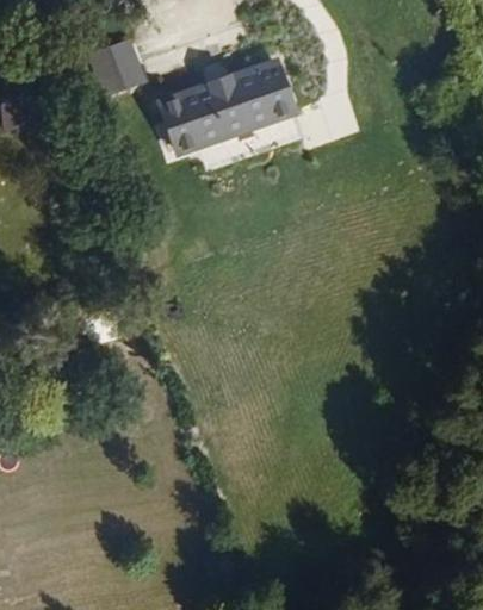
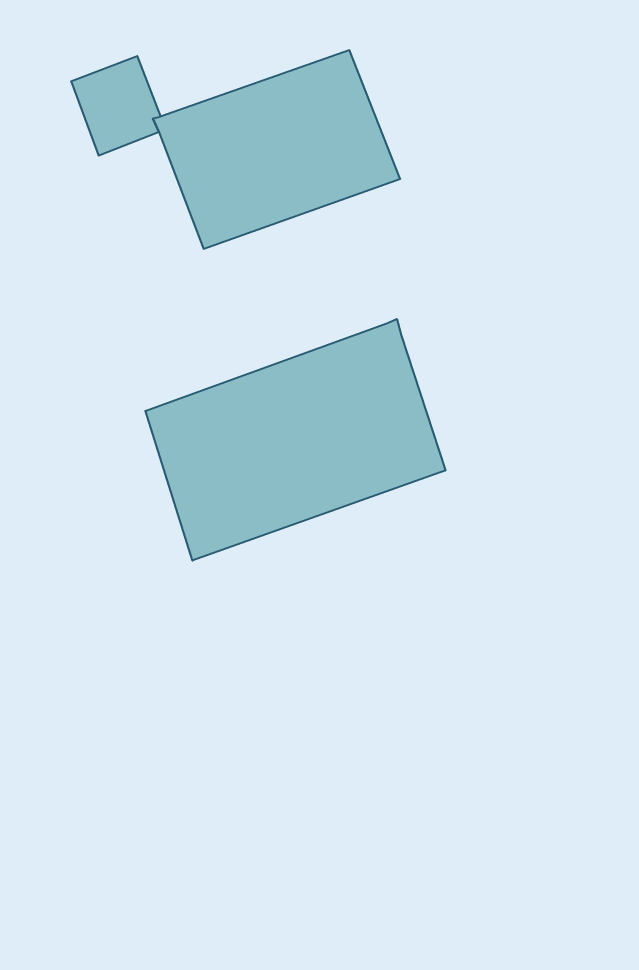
building: none -> [145,319,445,561]

